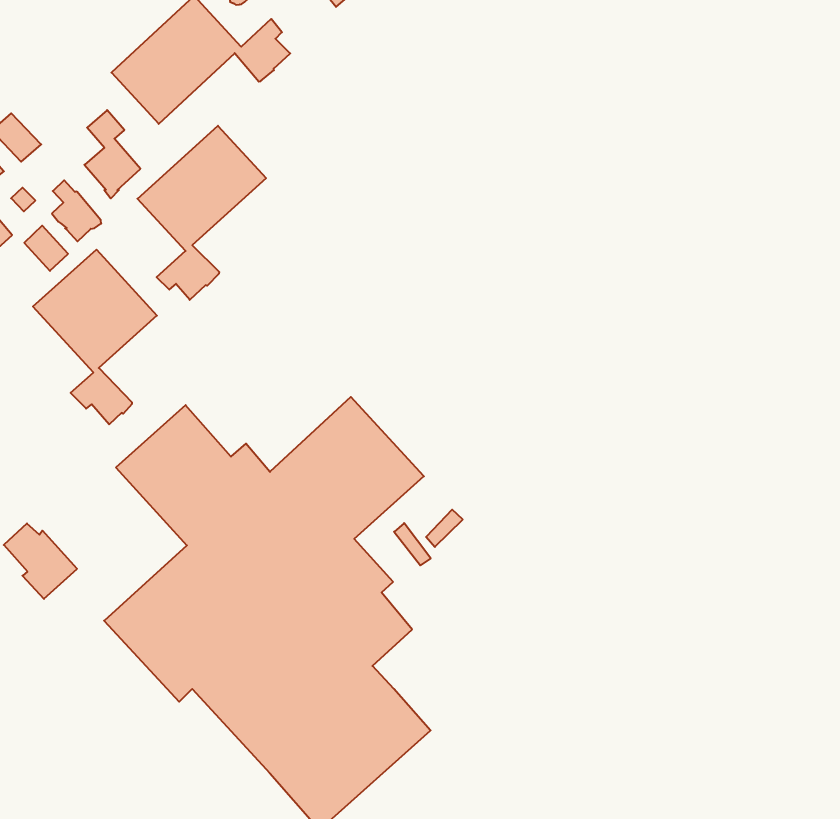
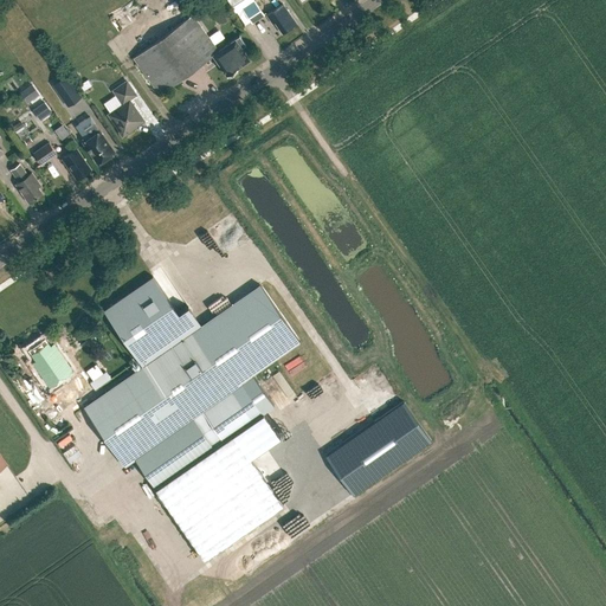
building: [137,126,266,300] -> none
building: [33,250,157,424] -> none
building: none -> [325,404,431,497]

